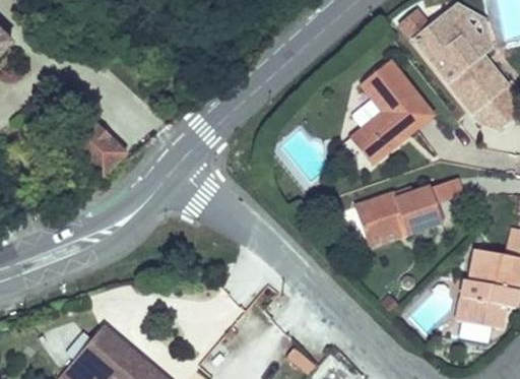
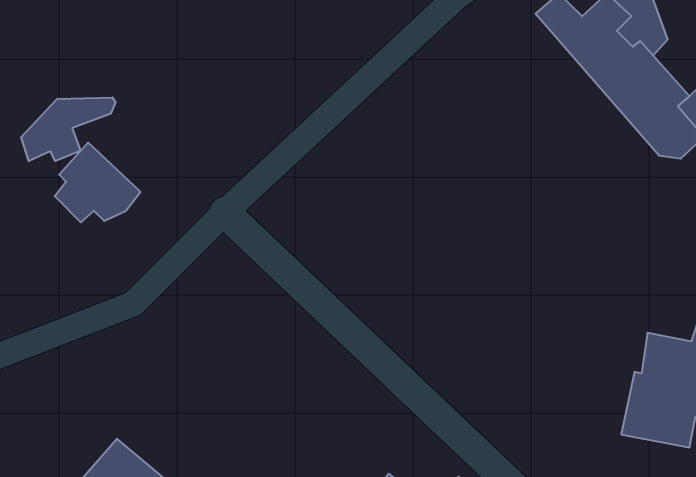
building: [358,57,433,160] -> none
building: none -> [21,97,116,161]
building: [360,180,467,243] -> none

